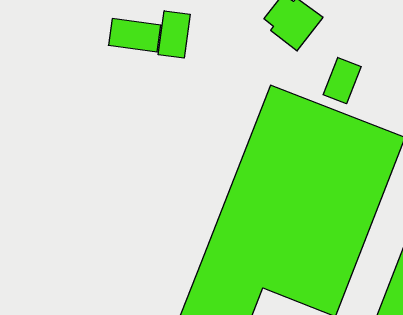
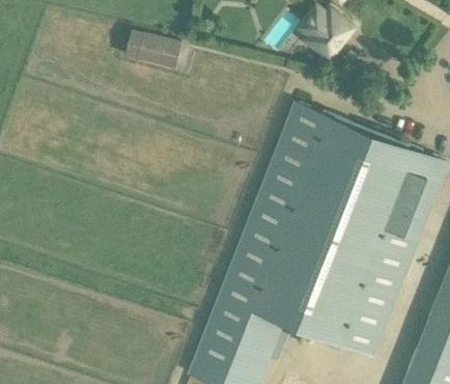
building: [158,11,190,58] -> none
building: [323,57,361,104] -> none

